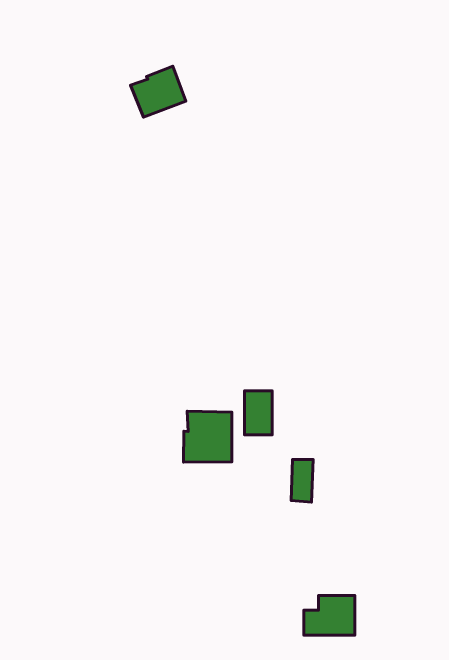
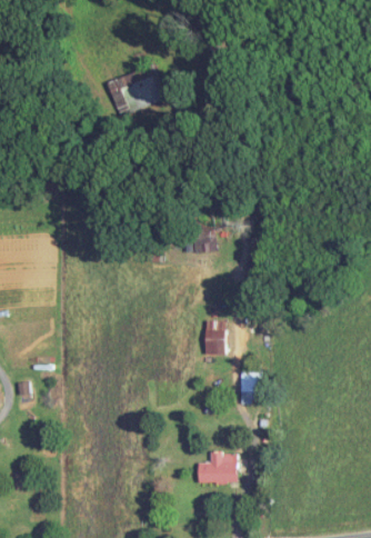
building: [184,411,232,462] -> none
building: [304,596,355,635] -> [198,452,237,482]

